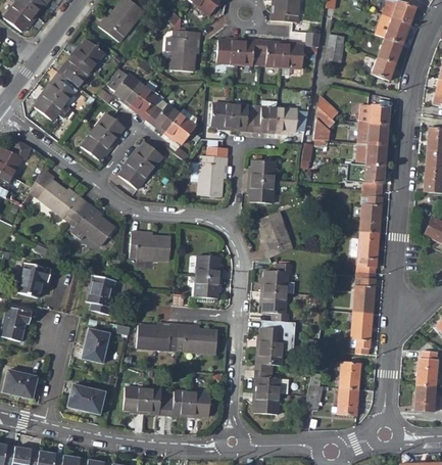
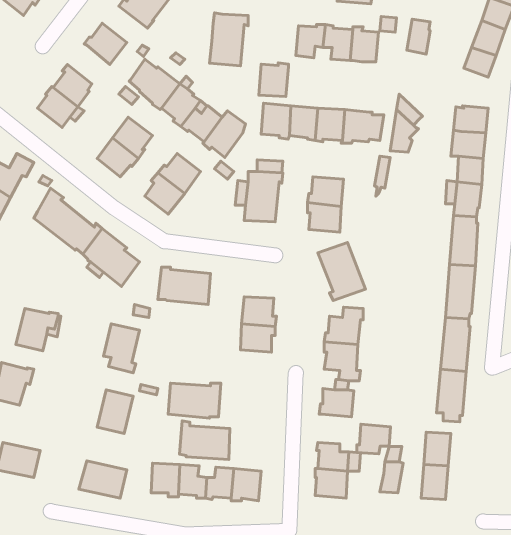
building: [216,37,240,63] -> [259,63,288,96]
building: [57,55,91,86] -> none
building: [177,323,216,354] -> [180,421,230,459]
building: [255,347,282,371] -> [357,424,391,454]

